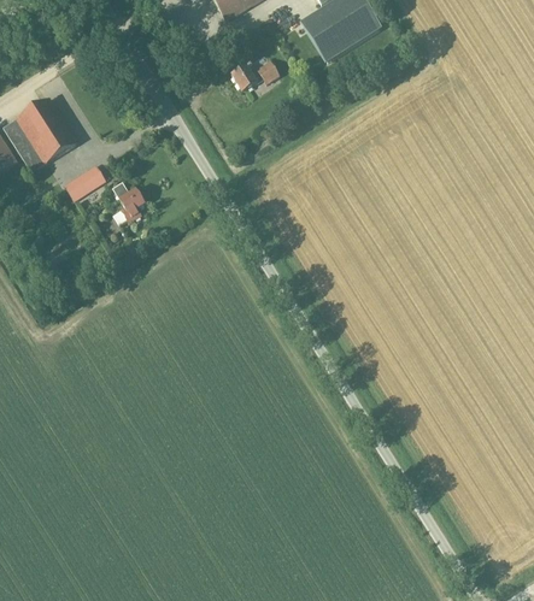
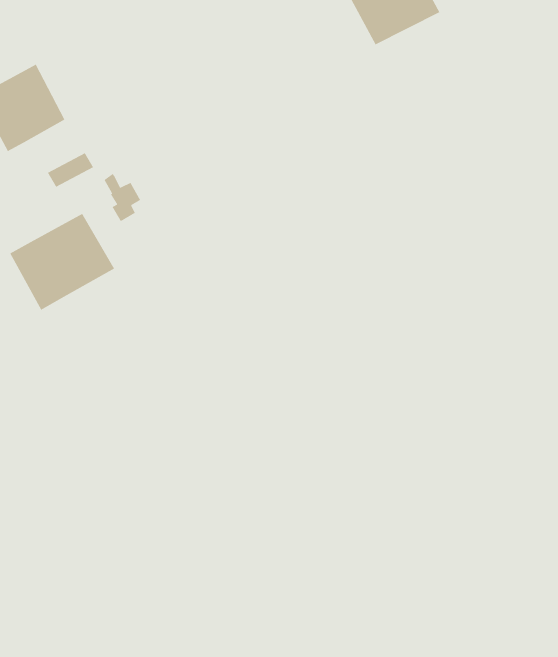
building: [230,58,280,90] -> none
building: none -> [9,213,115,311]

